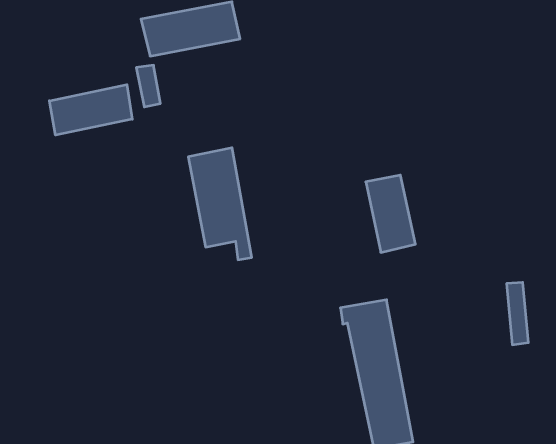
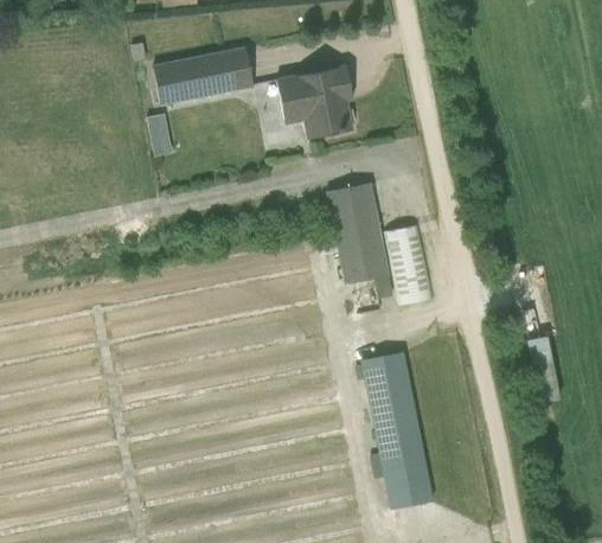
building: none -> [277,65,354,140]
building: [49,85,132,135] -> none
building: [188,148,252,260] -> [327,181,392,296]

